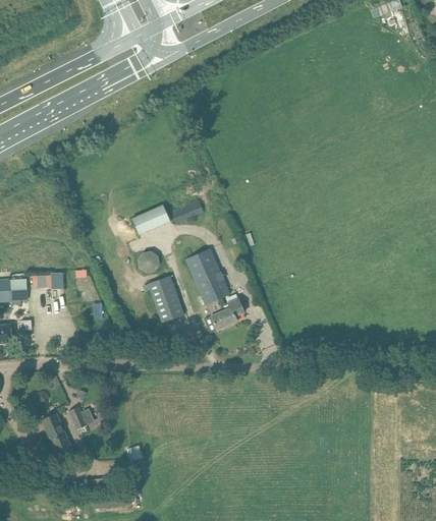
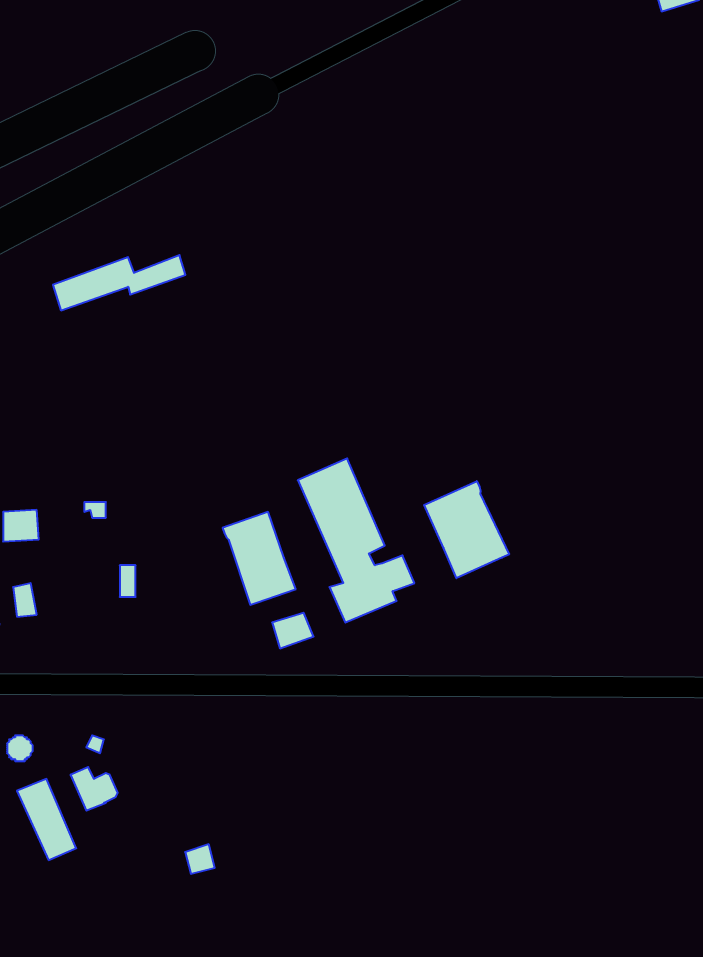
building: [128,204,197,232] -> [53,255,185,310]
building: [137,250,159,273] -> none
building: none -> [424,481,509,578]

